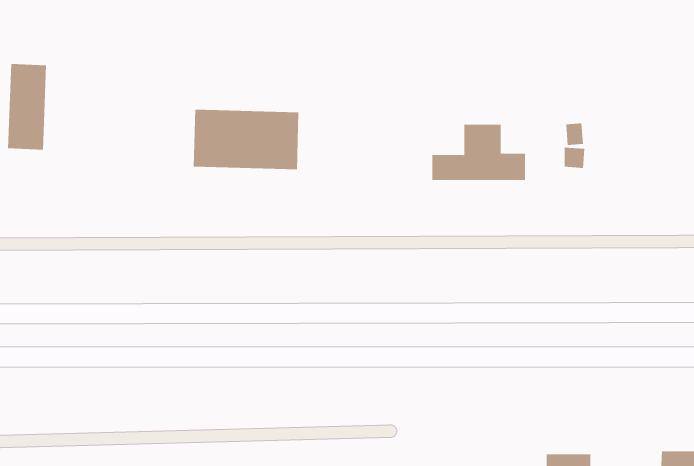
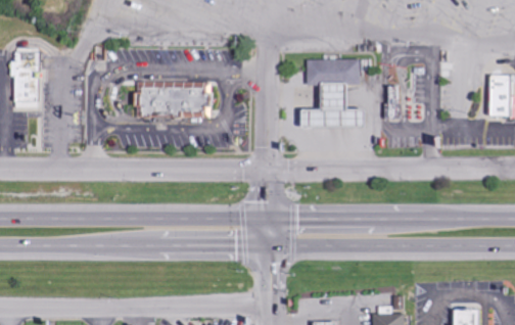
building: none -> [306,58,361,85]

